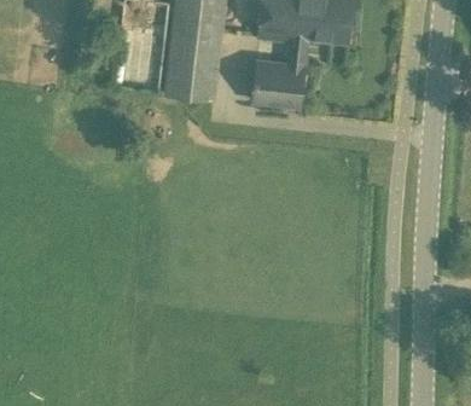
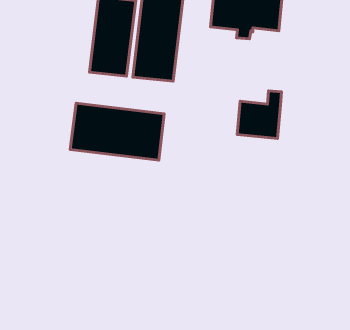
building: [252,48,306,105] -> [237,91,282,138]
building: none -> [70,103,164,160]

